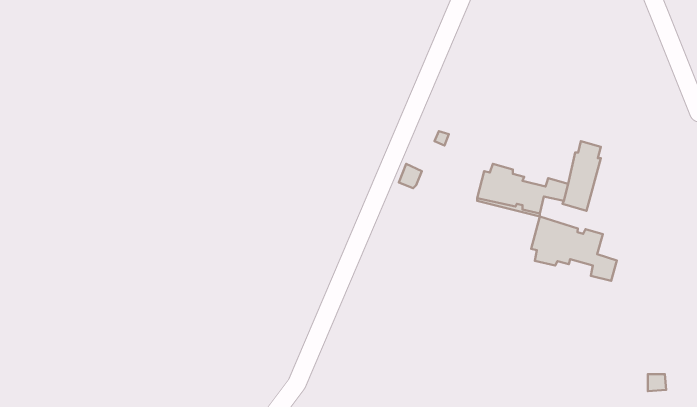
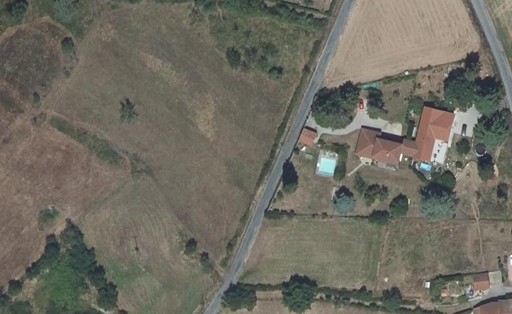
building: [531,217,617,281] -> none

